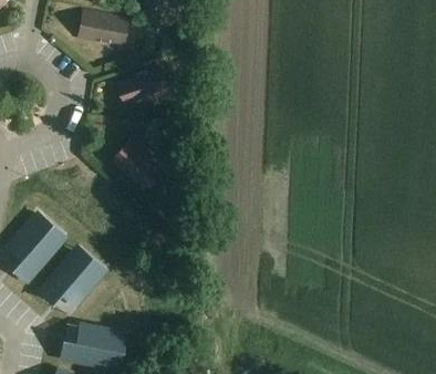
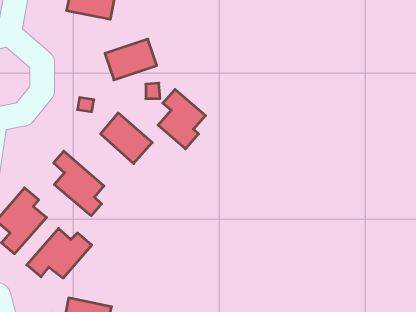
building: none -> [158,89,206,149]
building: none -> [54,151,104,216]

